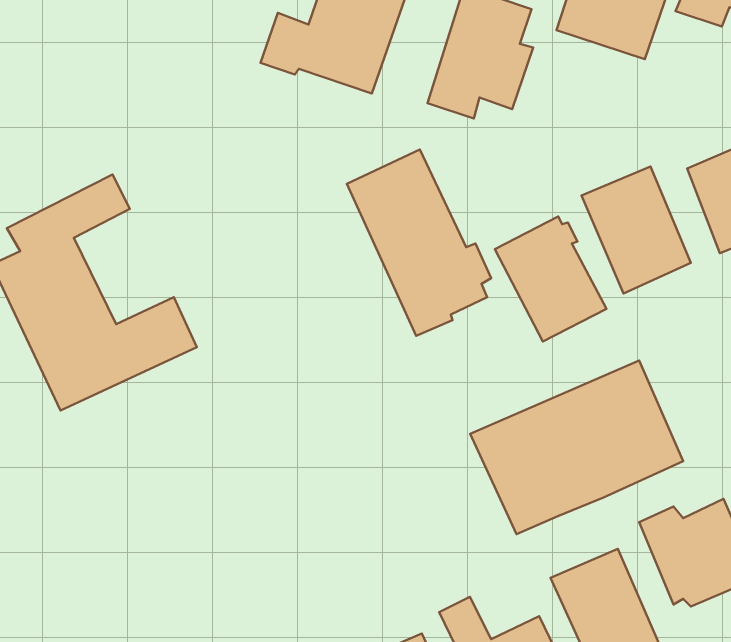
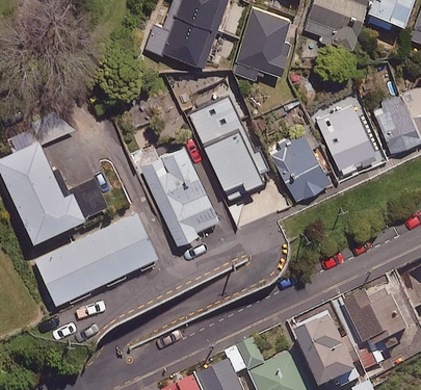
building: none -> [137,150,218,246]
building: [470,361,683,534] -> none
building: none -> [38,213,159,304]

